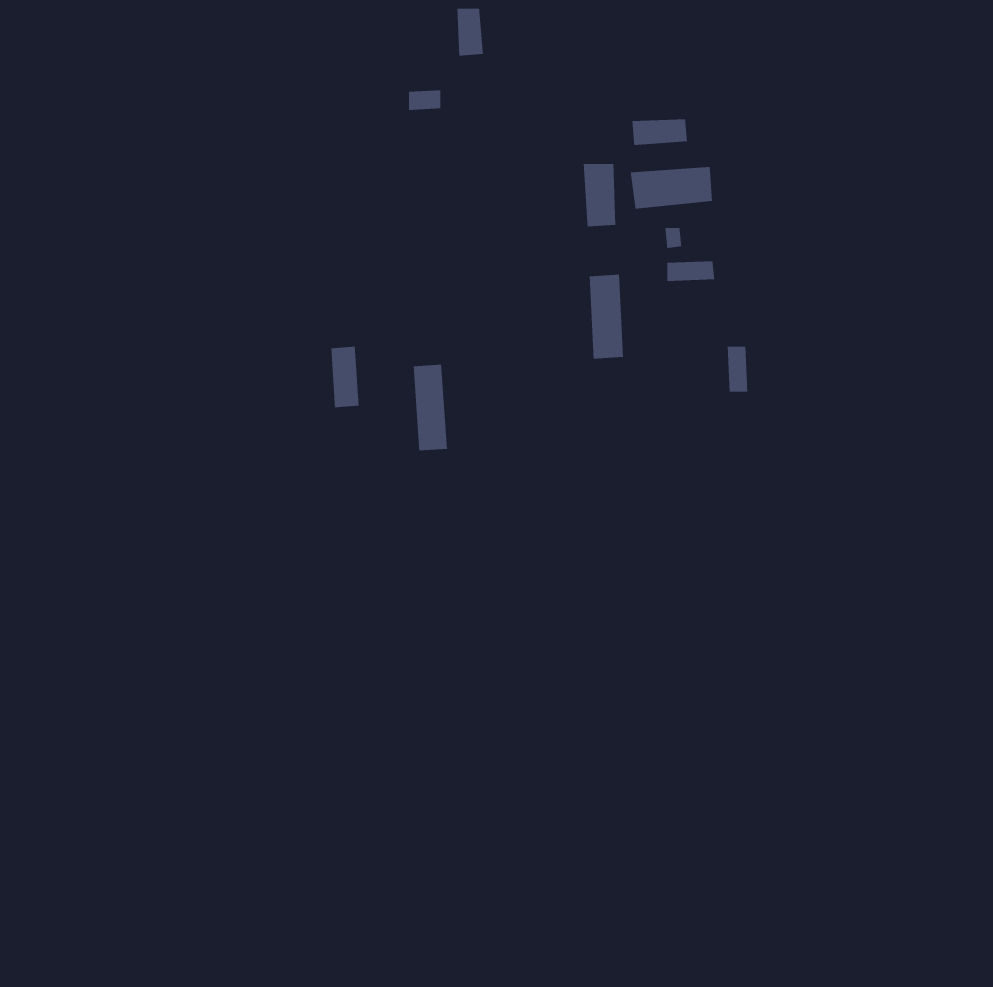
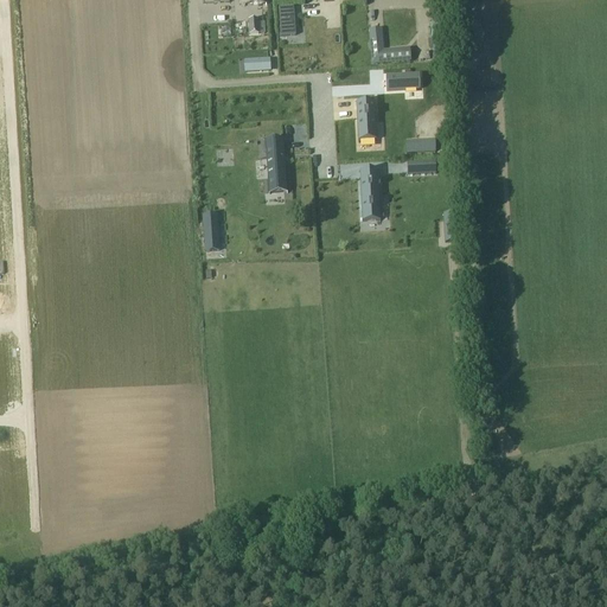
building: [630,166,713,209] -> none
building: [413,364,448,451] -> [266,138,287,191]

